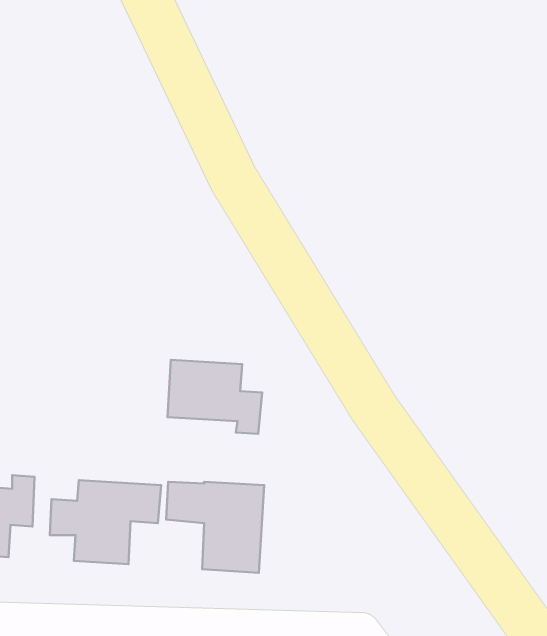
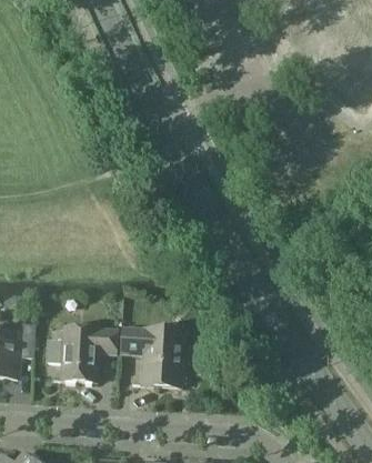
building: [168,360,262,434] -> none

